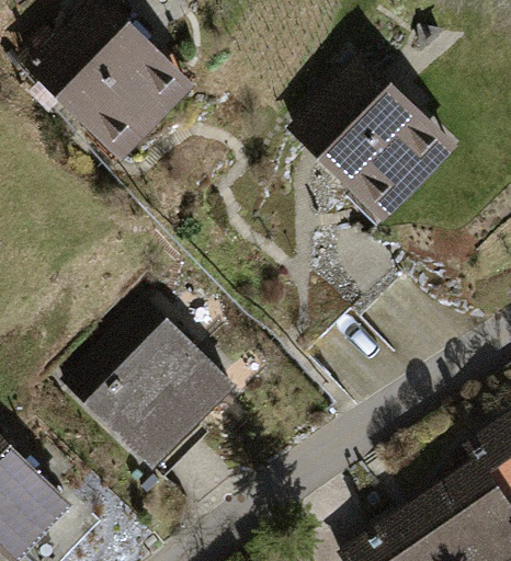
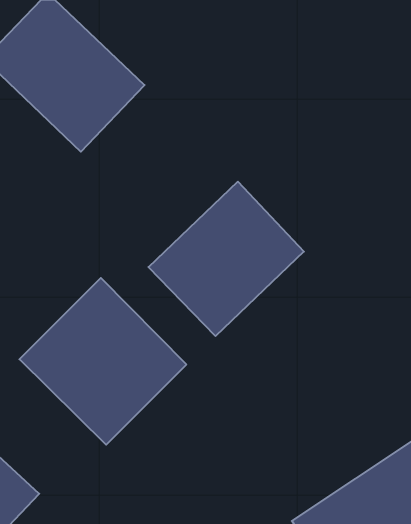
building: [291,55,456,221] -> none
building: none -> [148,182,304,336]

